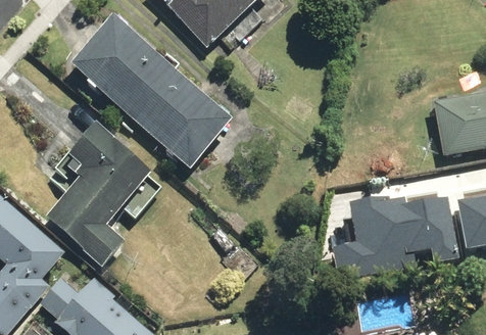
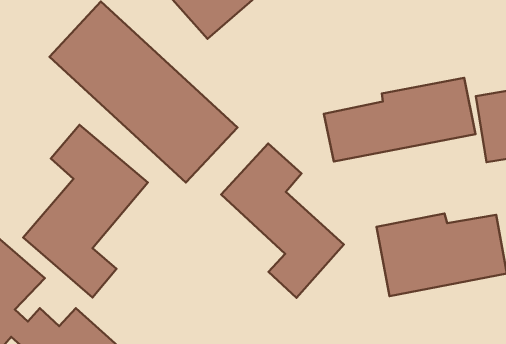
building: none -> [324,78,475,162]
building: none -> [221,144,344,298]

